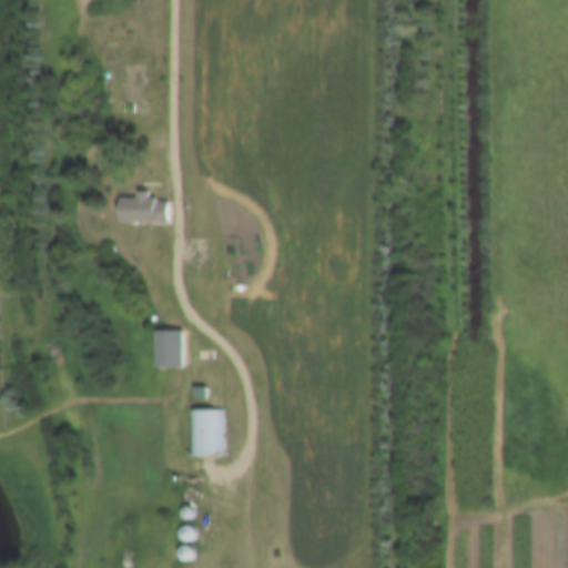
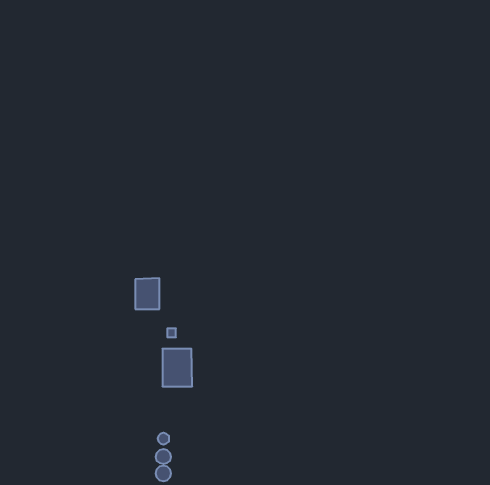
building: [121,191,163,222] -> none

